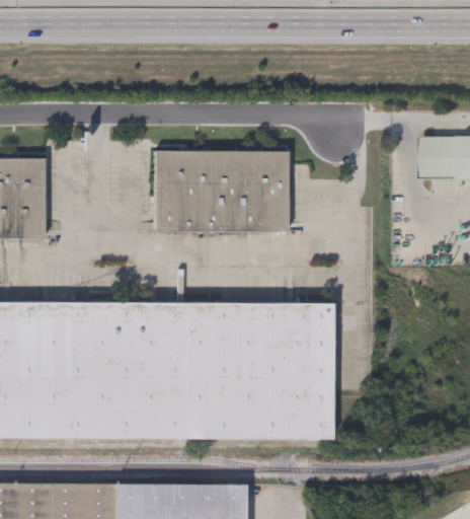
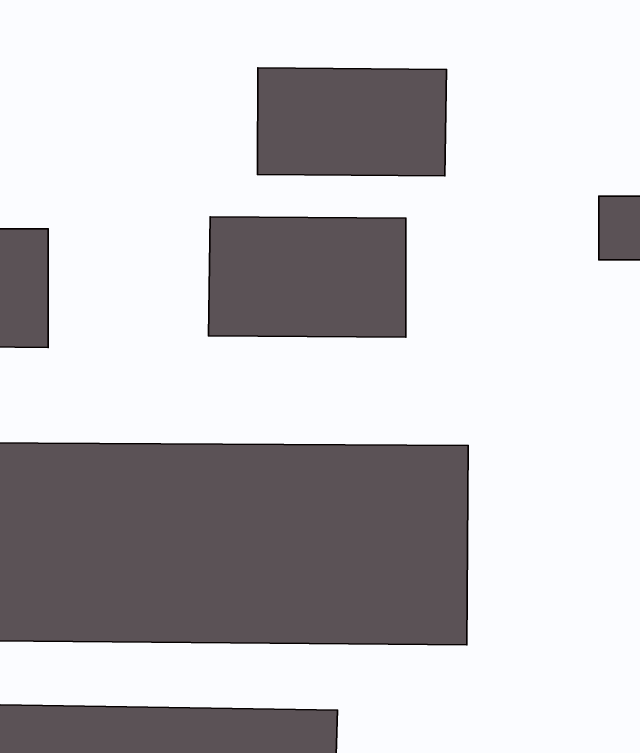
building: none -> [257,68,446,176]

